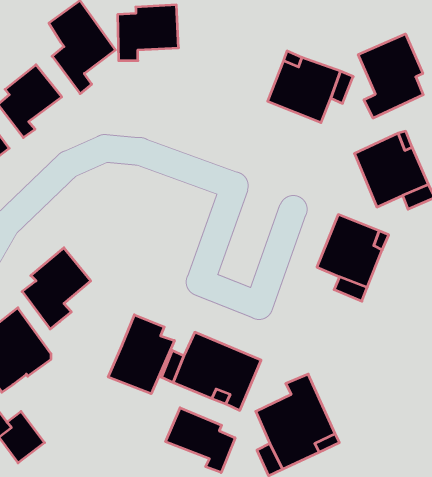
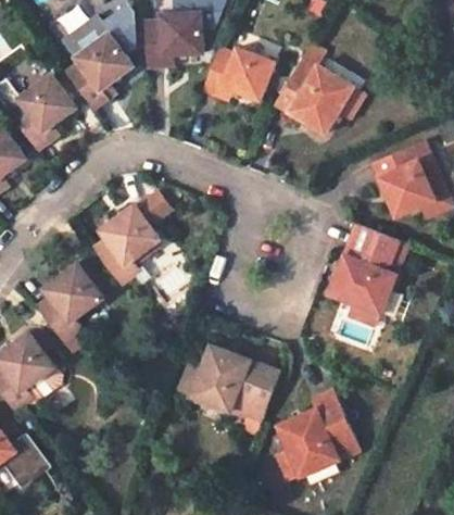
building: [358,34,423,118] -> none
building: none -> [189,43,266,100]
building: none -> [88,191,163,280]
building: [108,315,174,394] -> none
building: [166,408,235,473] -> none

